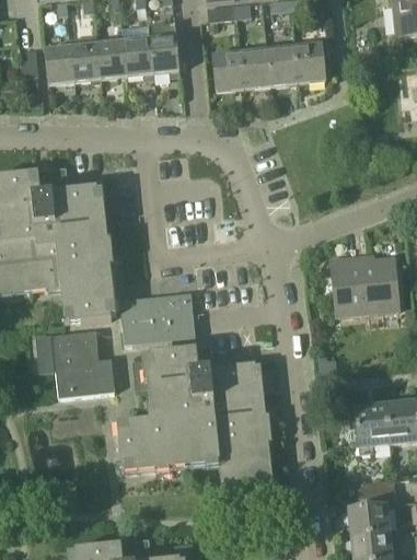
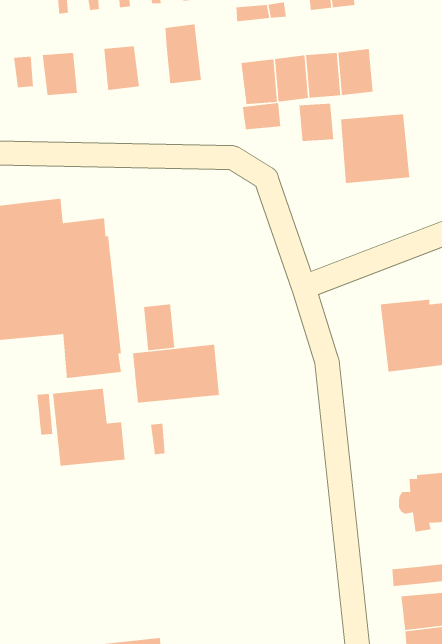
building: [70,35,100,81] -> none
building: [123,38,153,78] -> none
building: none -> [234,102,281,130]
building: none -> [298,103,334,142]
building: none -> [340,113,410,184]
building: none -> [143,303,175,351]
building: [117,346,271,499] -> none

